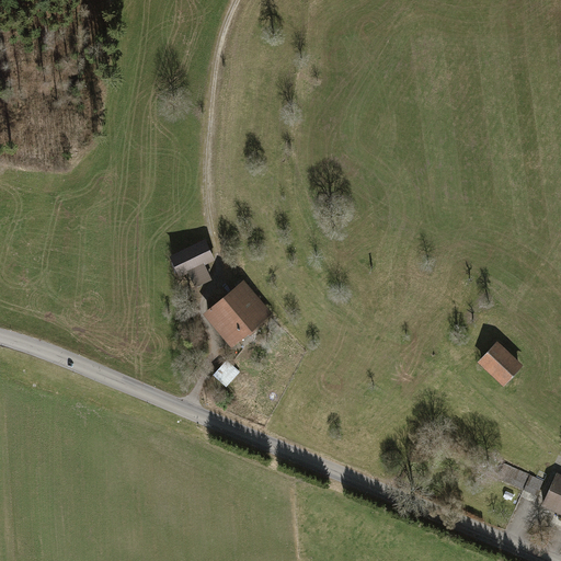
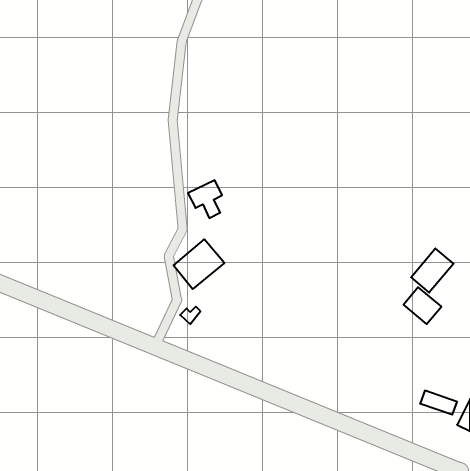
building: [170,241,210,286] -> [188,180,222,218]
building: none -> [411,248,454,293]

